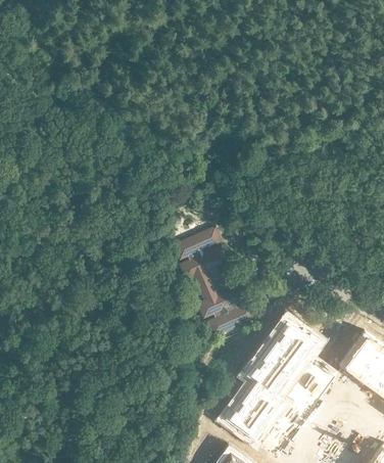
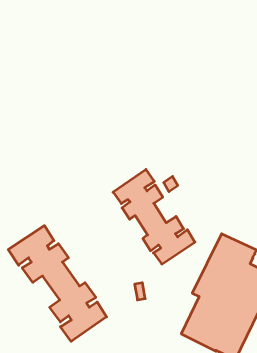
building: none -> [8,226,107,341]

